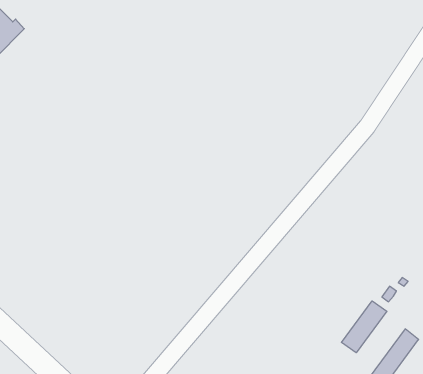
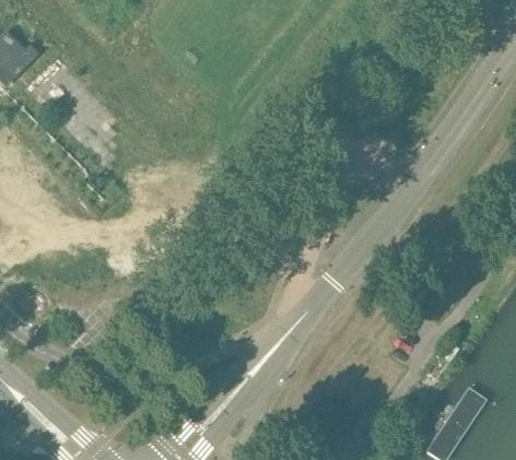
building: [341,301,387,353] -> none

